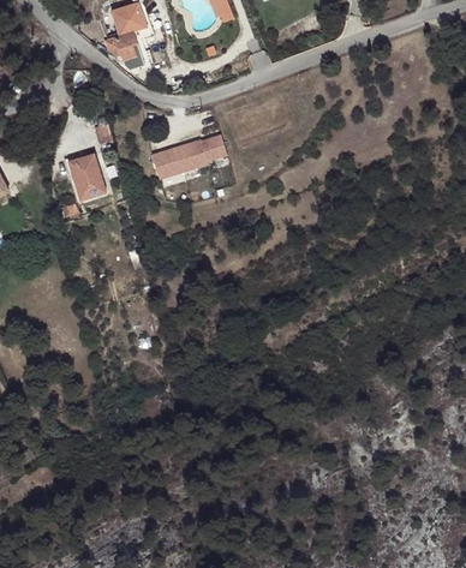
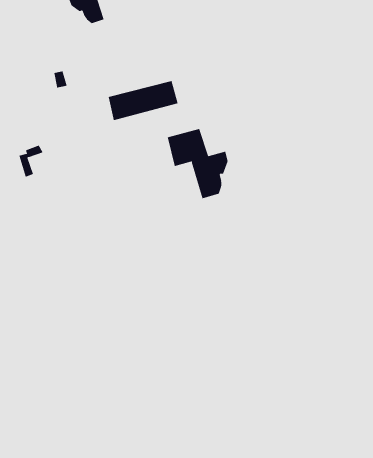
building: [67,155,108,202] -> none
building: none -> [167,128,228,199]

